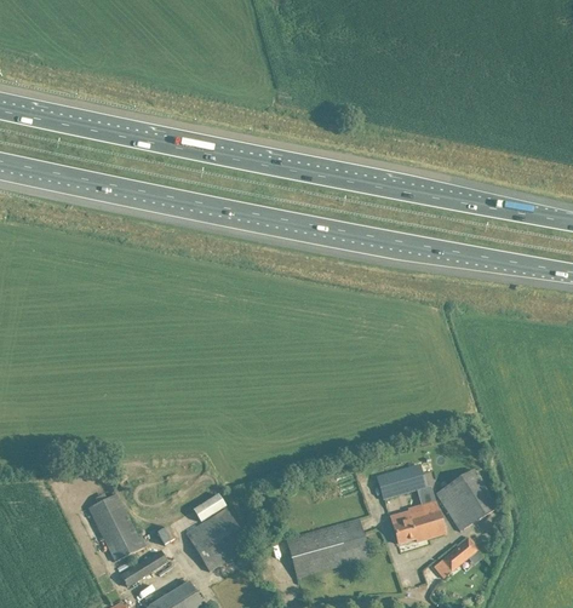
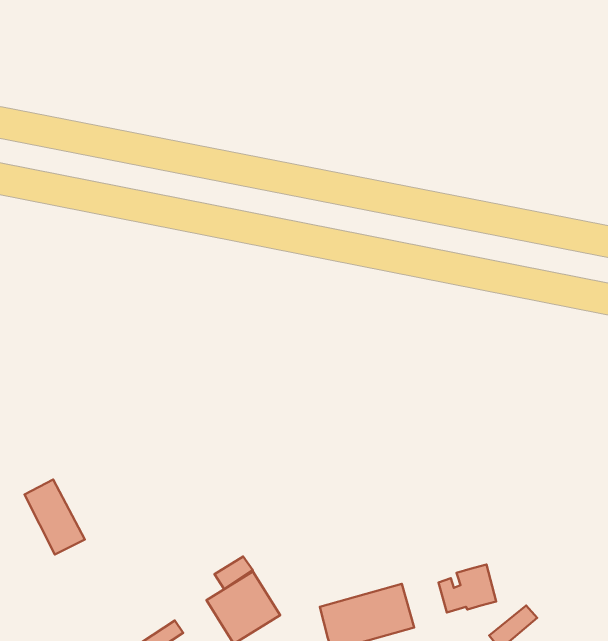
building: [376,463,426,499] -> none
building: [436,469,497,529] -> none
building: [87,494,141,561] -> [25,480,85,555]

